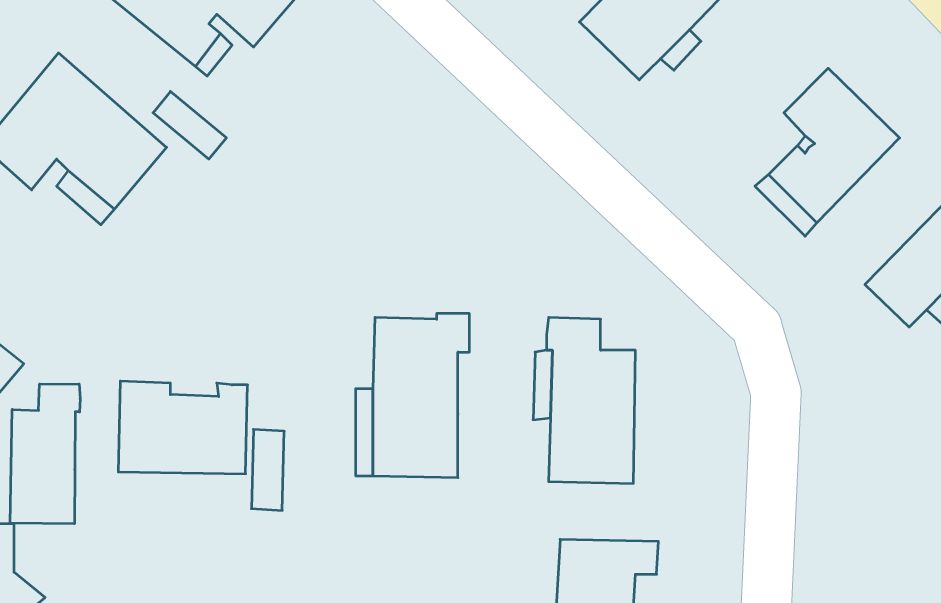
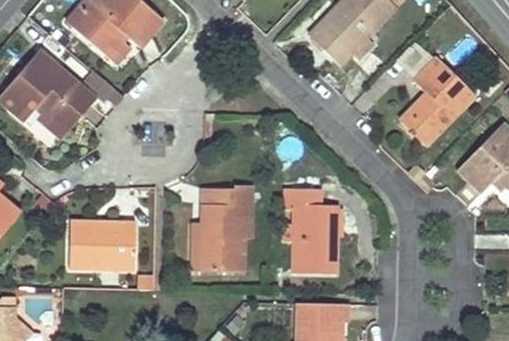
building: [10,384,80,524] -> none

